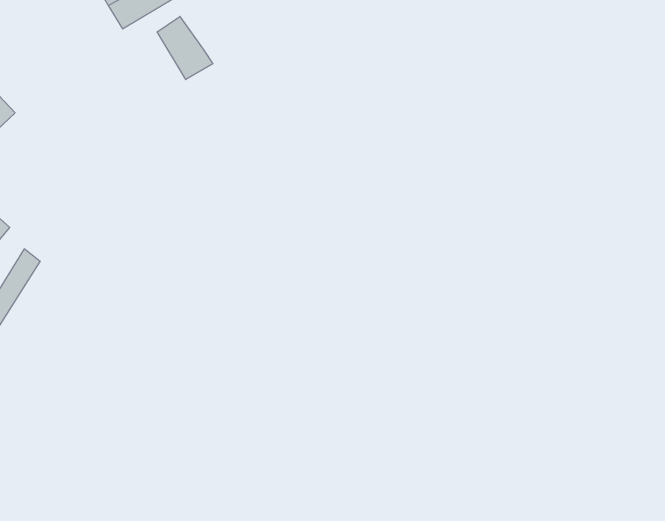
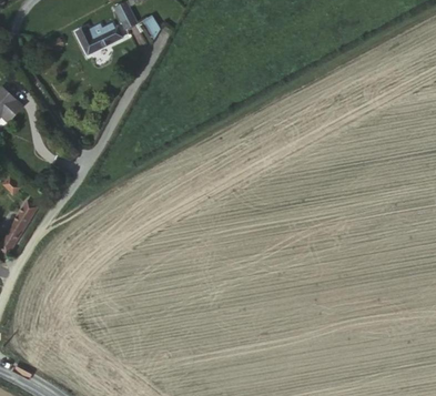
building: [157,16,213,80] -> none

